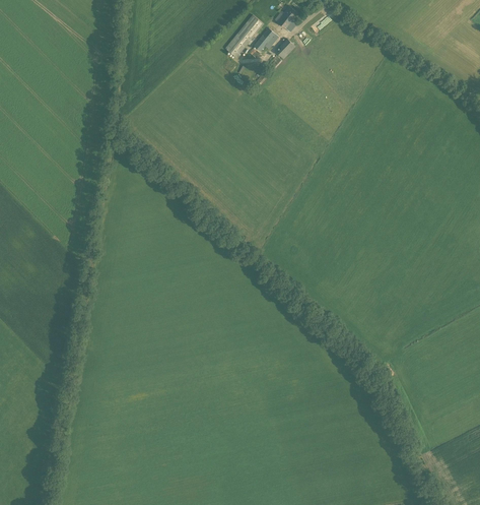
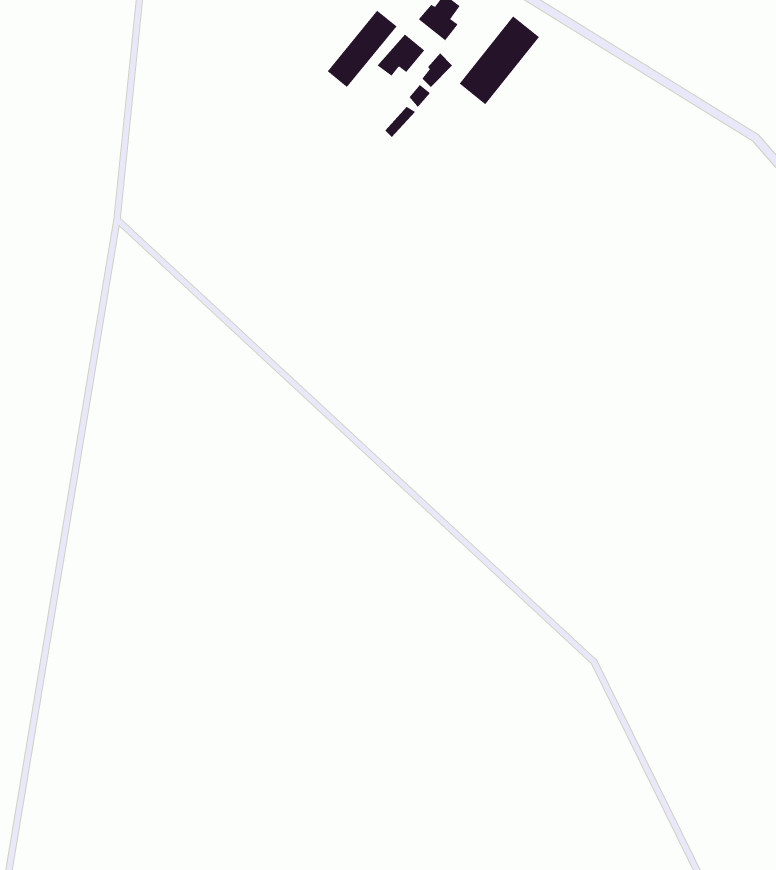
building: none -> [459,16,540,105]

